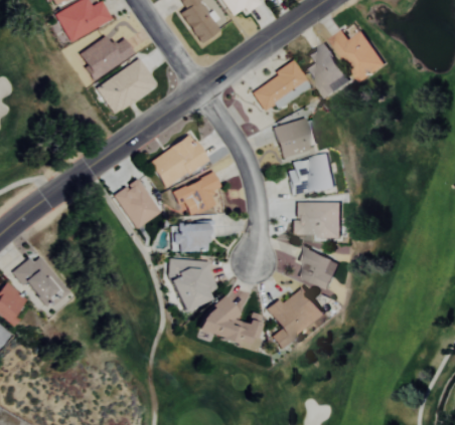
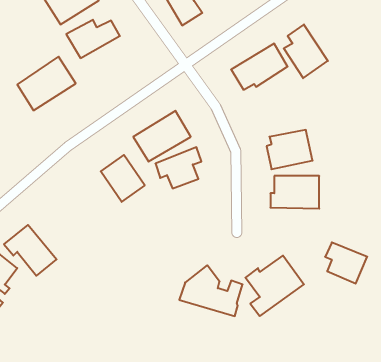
building: [332,30,389,83] -> none
building: [97,58,158,115] -> [17,57,76,110]
building: [274,118,315,158] -> none
building: [172,222,209,251] -> none
building: [298,246,342,289] -> [325,242,367,284]
building: [168,258,216,309] -> none

